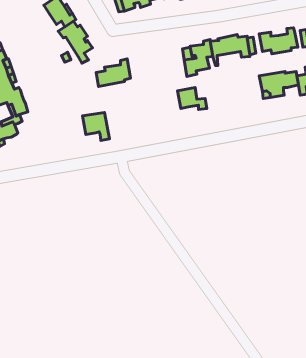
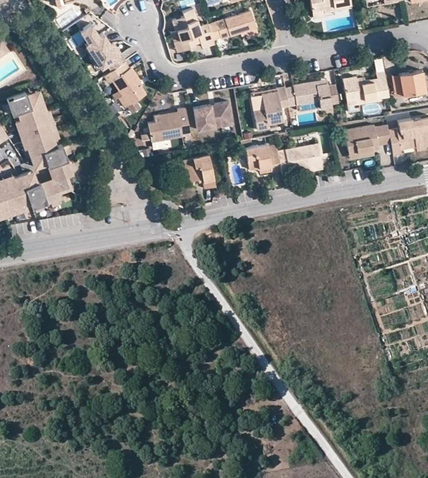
building: none -> [193,101,233,130]
building: none -> [278,143,323,175]
building: [83,113,109,140] -> [183,154,215,187]

